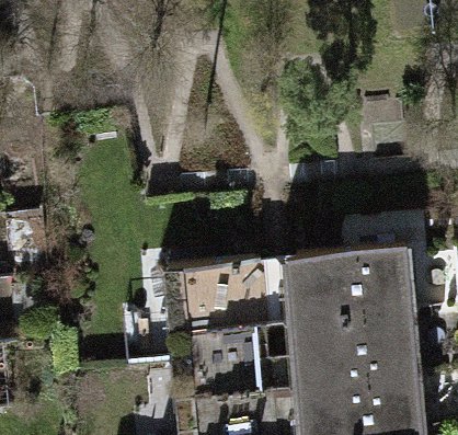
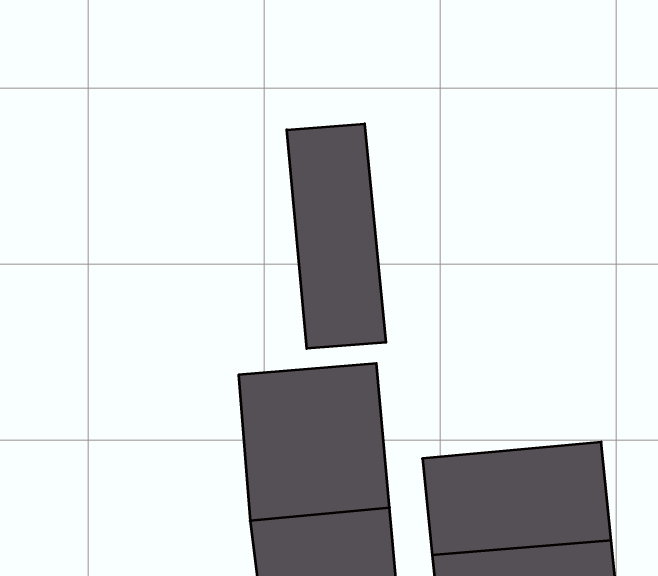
building: none -> [287,124,386,349]
building: [289,248,412,324] -> none

